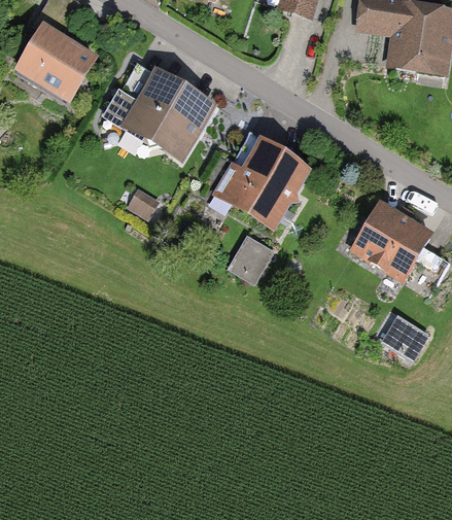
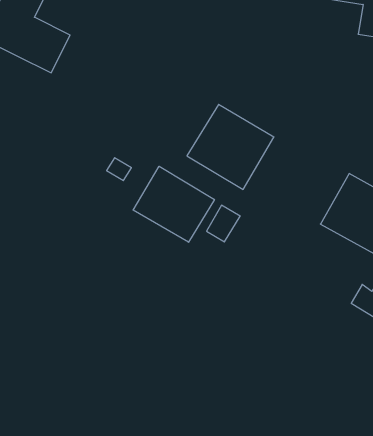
building: [100,63,215,163] -> none
building: none -> [133,166,214,242]

